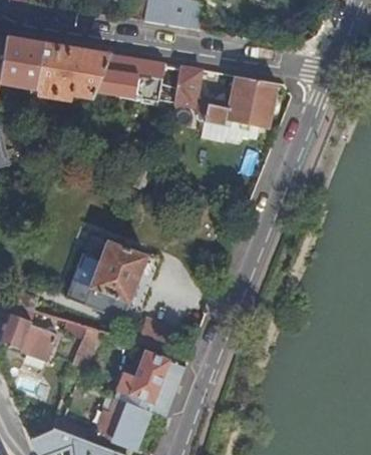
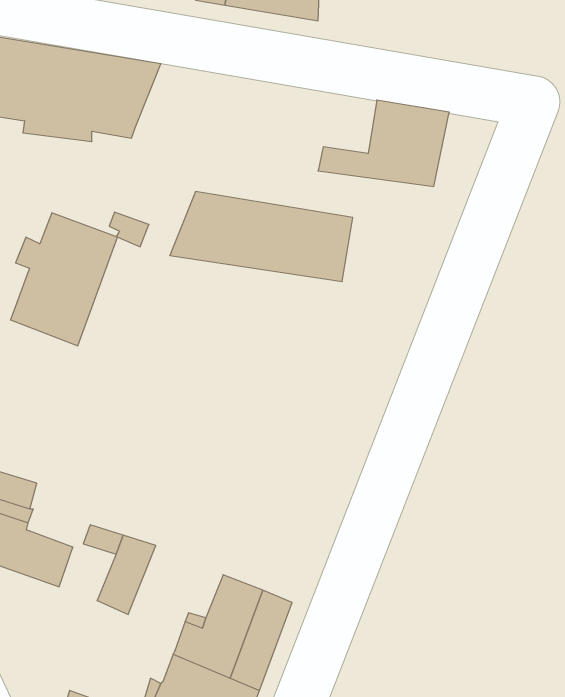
building: [93,54,200,106] -> [170,192,353,281]
building: [83,242,145,319] -> [10,213,117,346]

